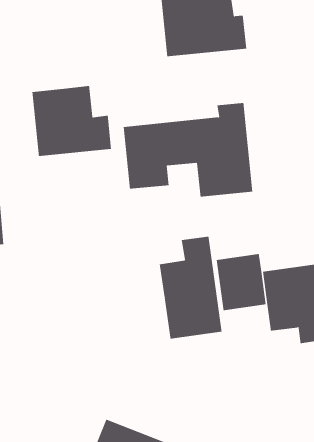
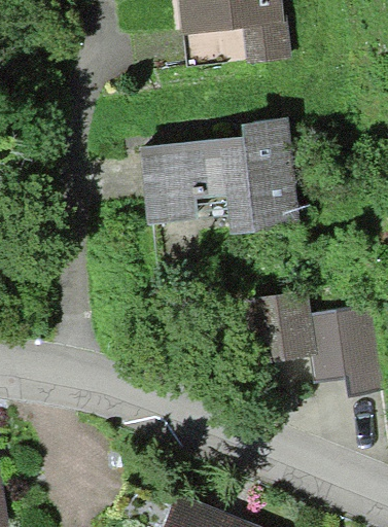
building: [32,85,112,157] -> none
building: [159,236,222,339] -> none

